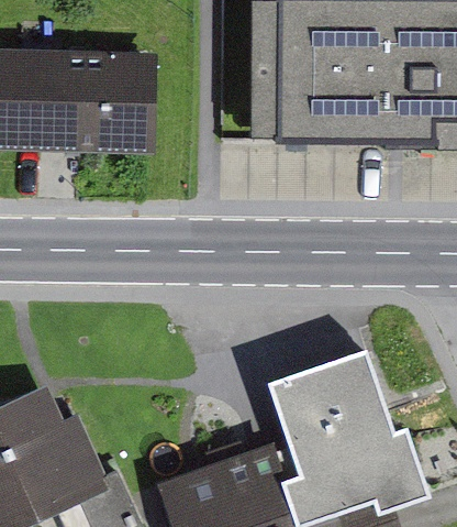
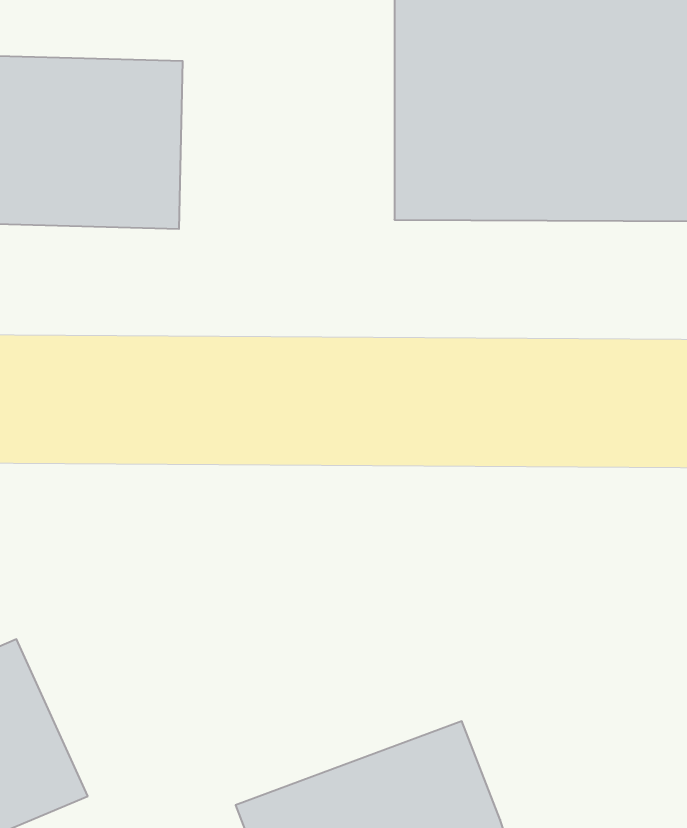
building: [291,350,423,505] -> none

